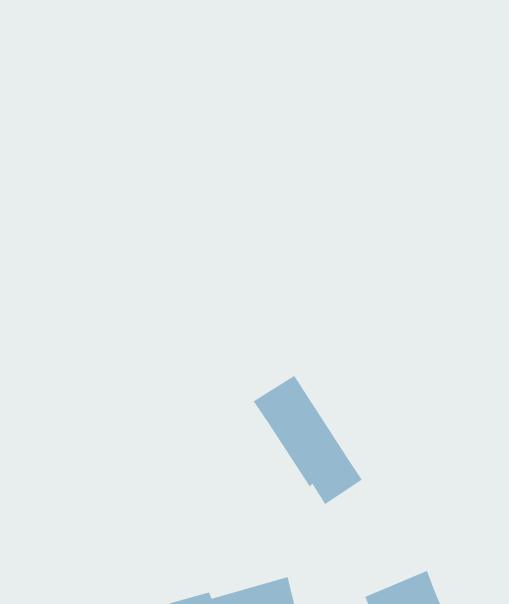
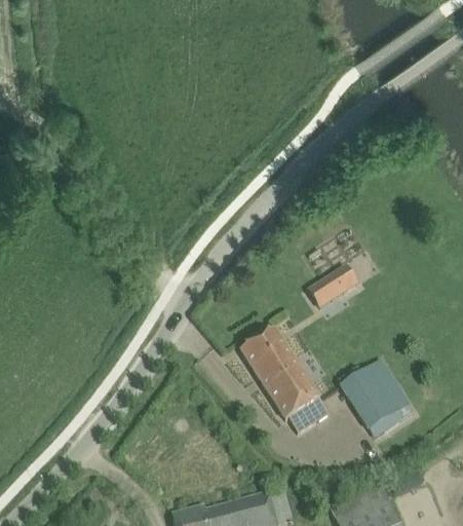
building: none -> [309,265,357,296]
building: none -> [341,359,415,437]

